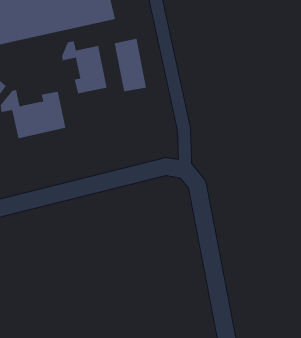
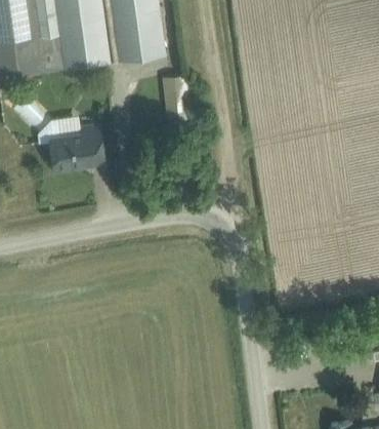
building: [62,41,107,94] -> none

